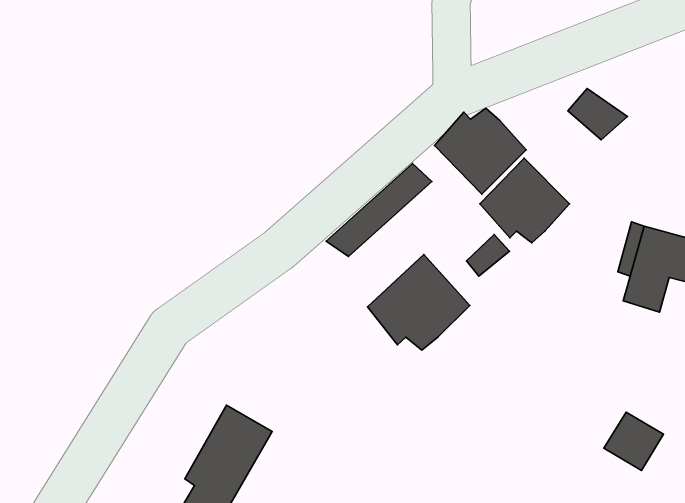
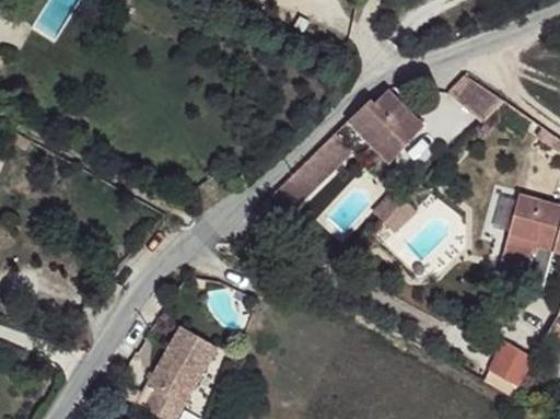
building: [480,158,569,243] -> none
building: [368,255,470,350] -> none

